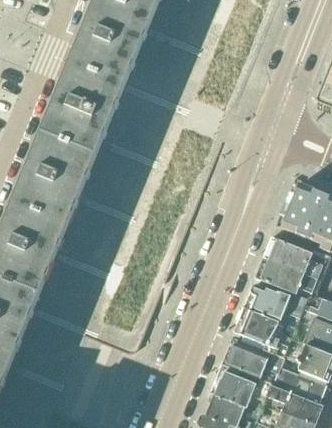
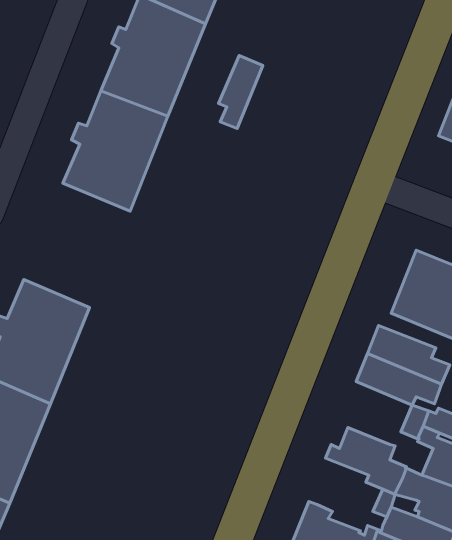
building: none -> [218,56,263,129]
building: [18,135,94,224] -> none
building: [250,284,290,322] -> none
building: [228,343,275,384] -> none

